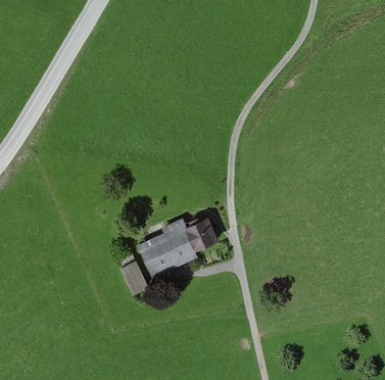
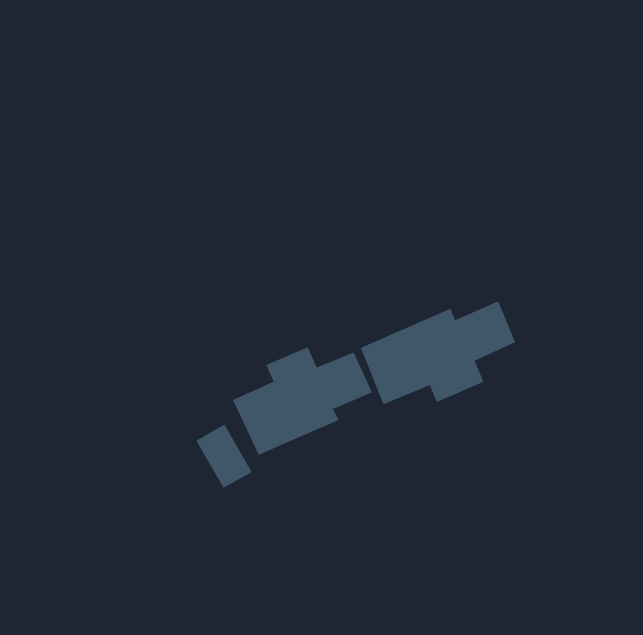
building: none -> [360,301,516,405]

